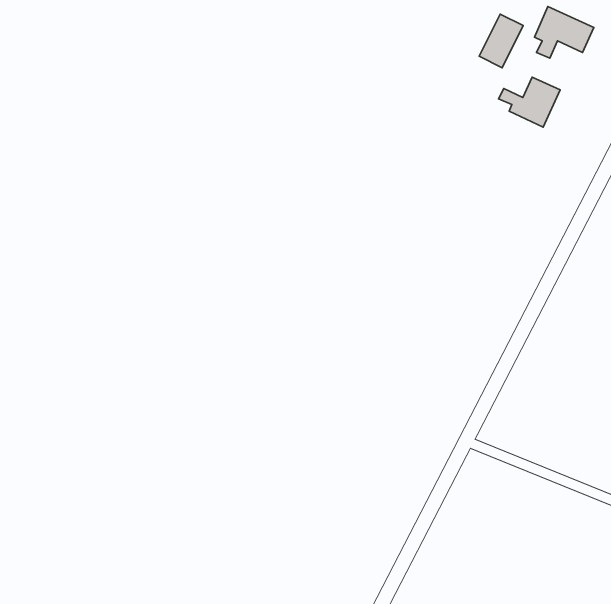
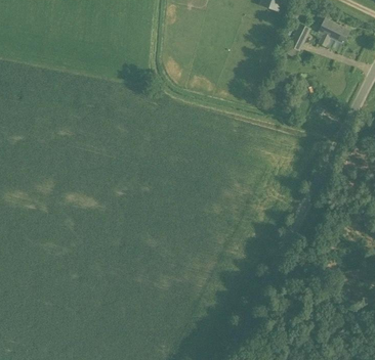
building: [499,77,560,127] -> none

